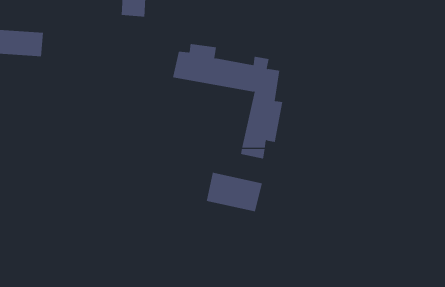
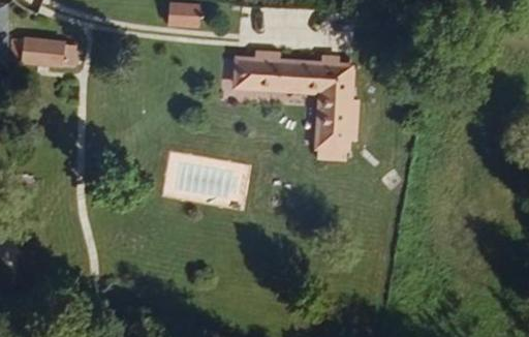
building: [206,172,263,212] -> none

